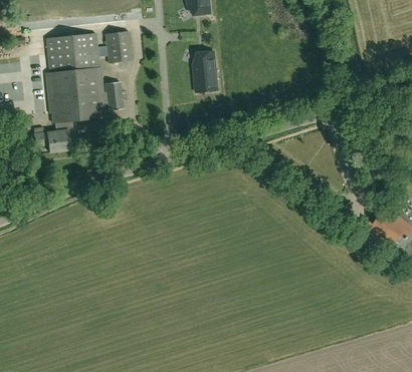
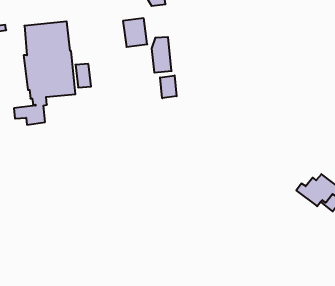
building: [104,29,132,62] -> [123,18,147,47]
building: none -> [160,75,177,98]

